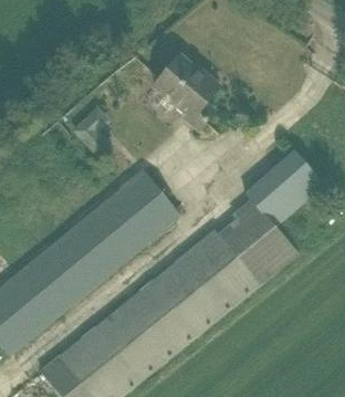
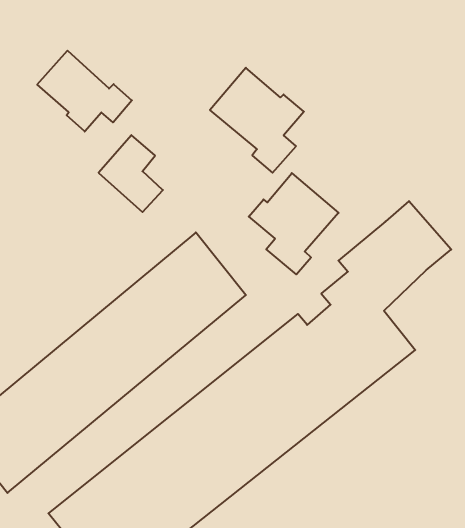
building: none -> [37,51,132,132]
building: none -> [249,173,339,274]

